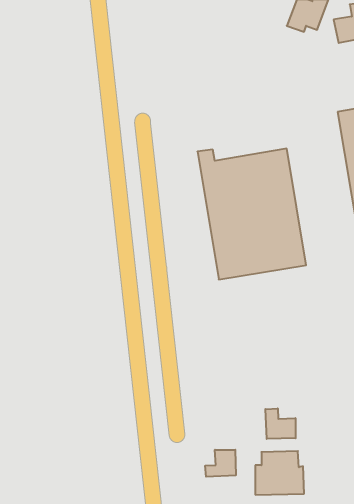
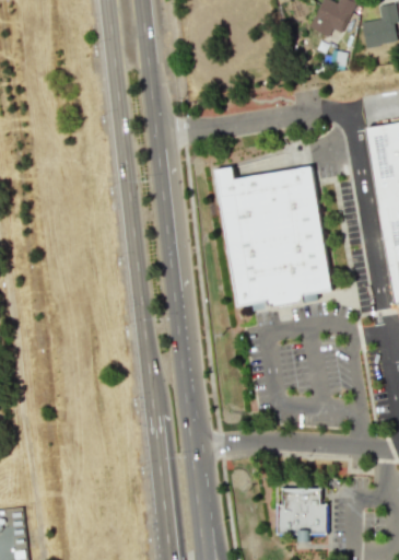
building: [265,408,296,439] -> none
building: [205,450,236,477] -> none

